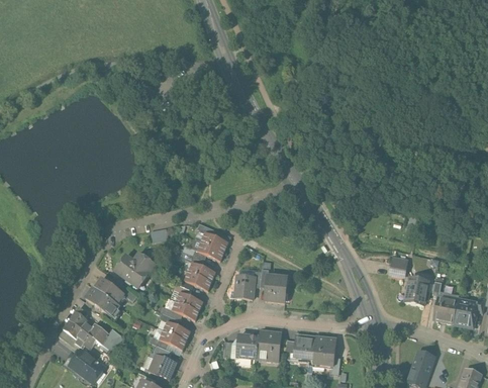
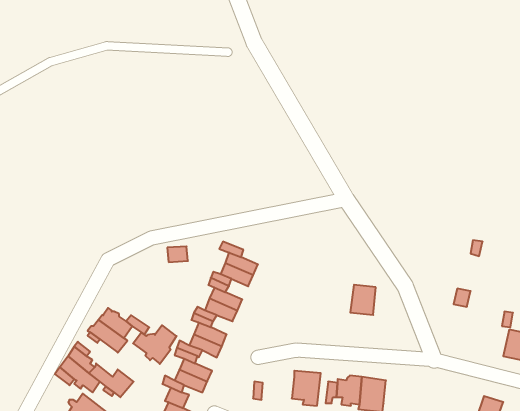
building: [116,254,153,286] -> [133,325,177,364]
building: [234,275,255,299] -> none
building: [266,276,287,301] -> [350,285,376,315]
building: [405,278,428,305] -> none
building: [236,333,259,357] -> none

